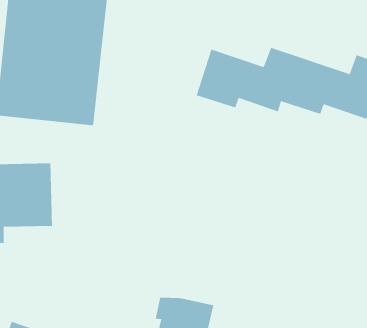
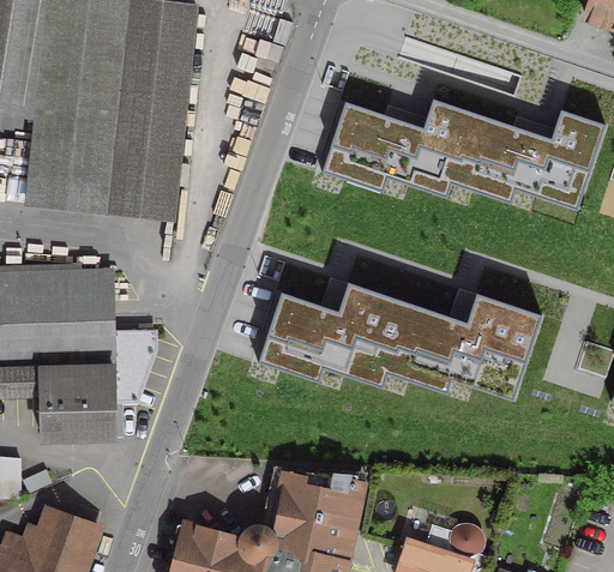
building: none -> [260,284,542,401]
building: none -> [38,367,112,438]

